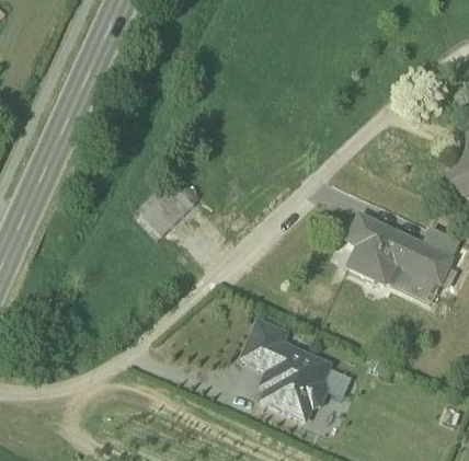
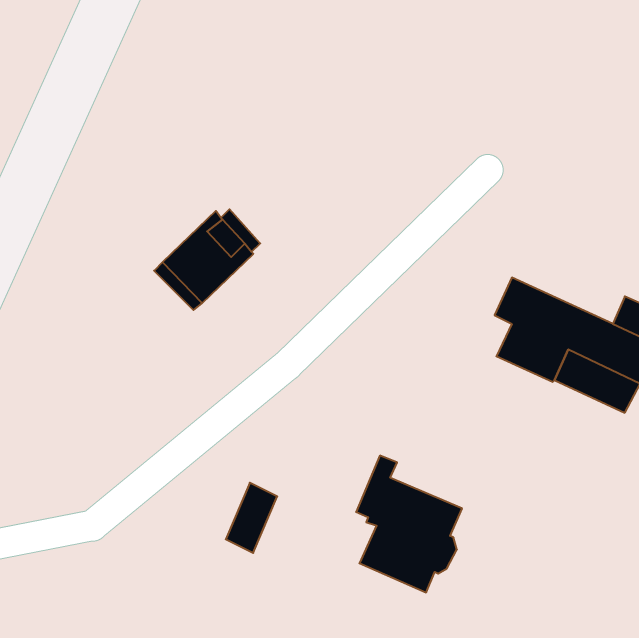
building: [242,321,275,366] -> [226,483,277,553]
building: [320,364,351,395] -> none

